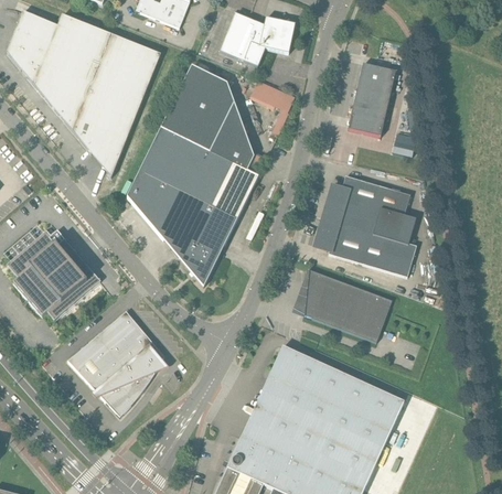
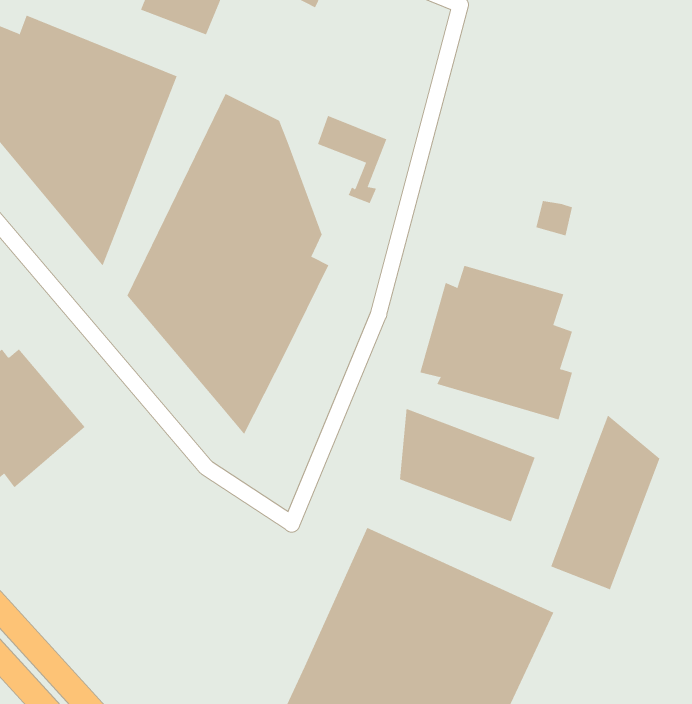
building: [220,12,295,66] -> none
building: [348,63,396,136] -> none
building: none -> [551,415,660,590]
building: [67,310,169,417] -> none

